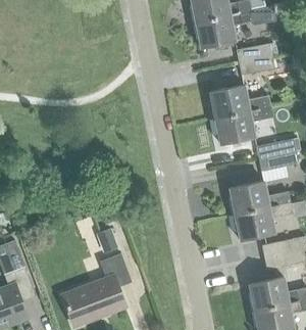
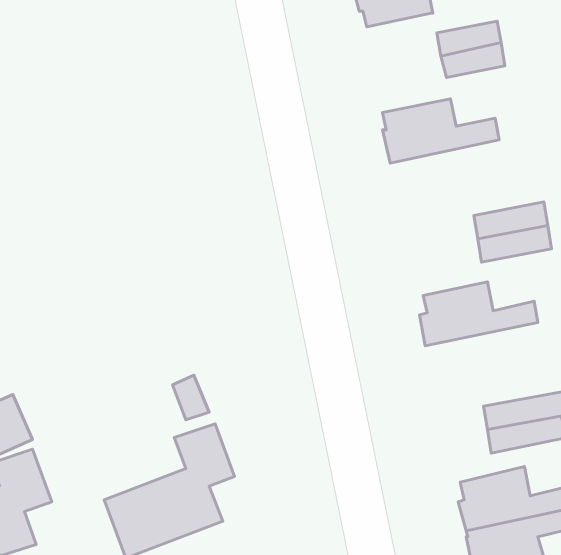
building: [213,105,273,143] -> none
building: [232,201,293,239] -> none

